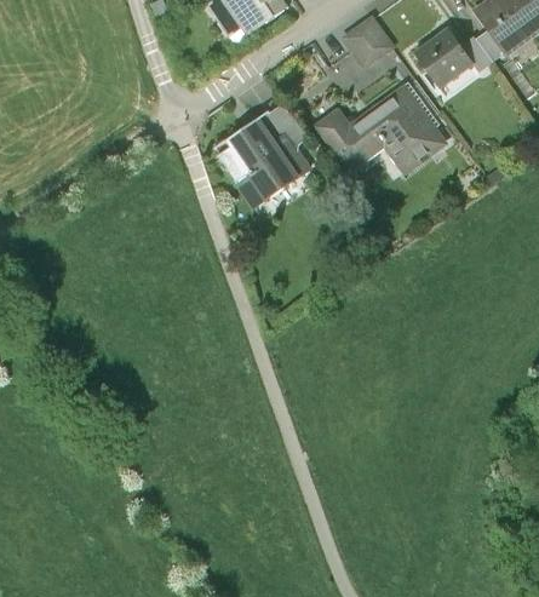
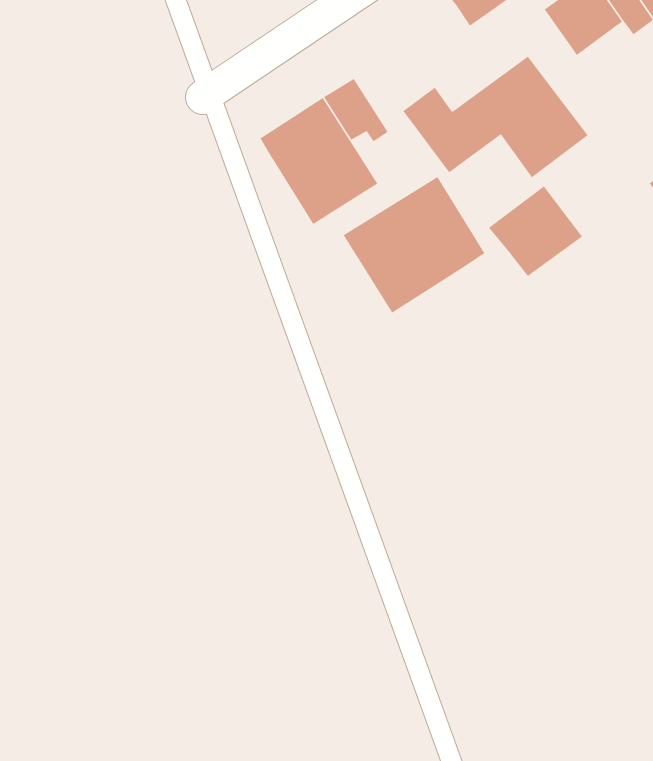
building: none -> [343,176,485,313]
building: none -> [488,186,583,277]

